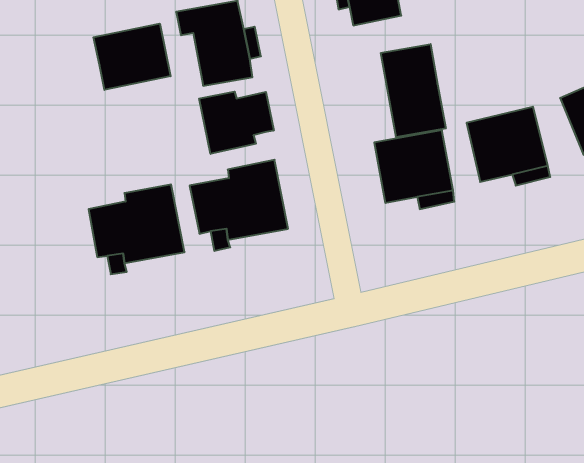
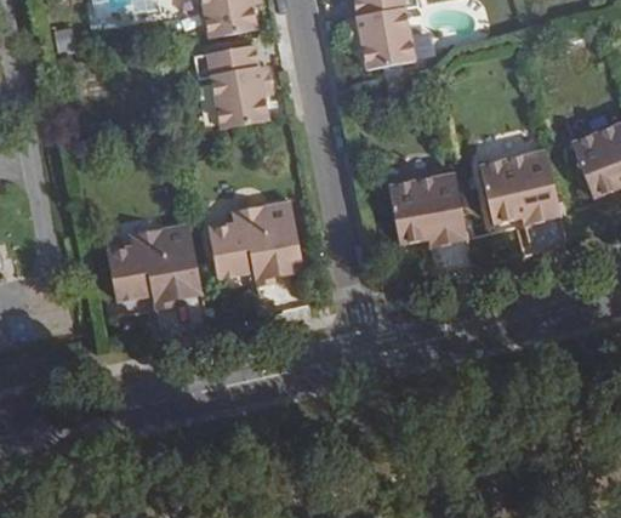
building: [93,24,171,90] -> none
building: [381,44,446,137] -> none
building: [199,92,274,154] -> none

